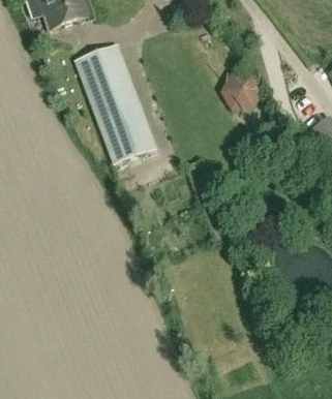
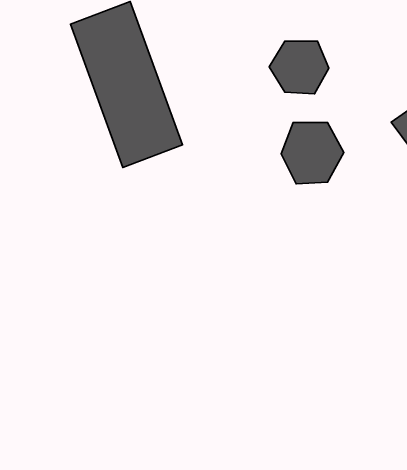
building: none -> [281,123,344,184]

